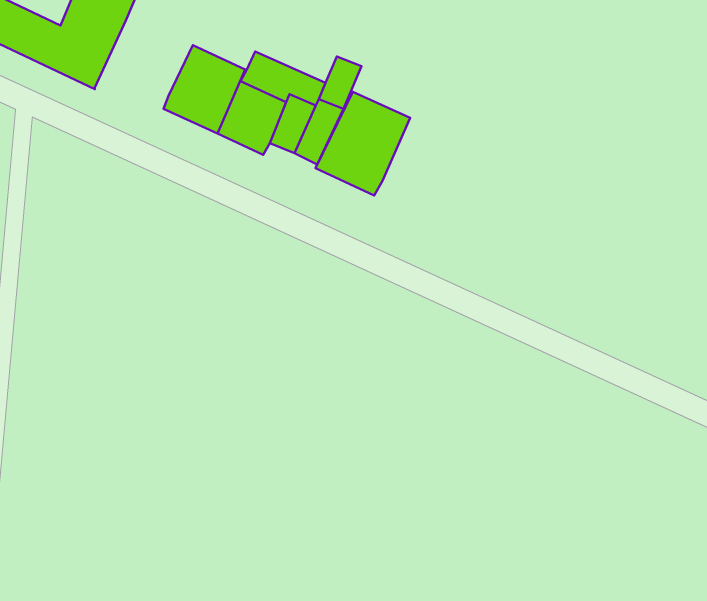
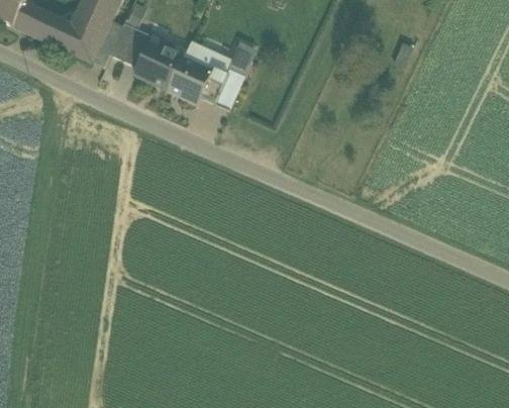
building: none -> [91,18,151,66]
building: [316,92,410,196] -> none

